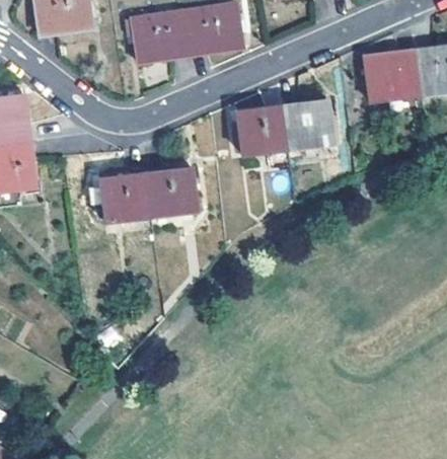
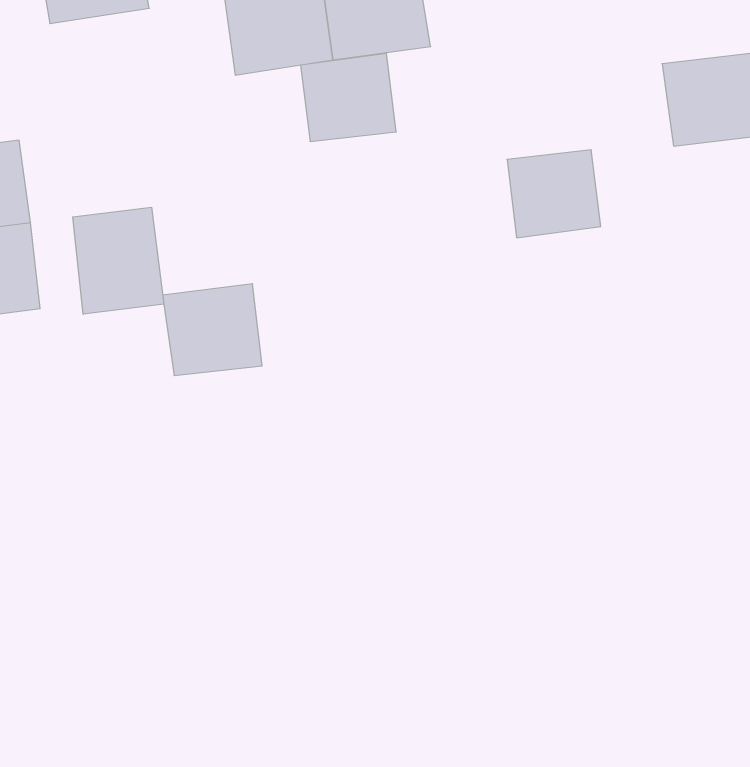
building: [237,106,288,153] -> [301,54,396,142]
building: none -> [73,207,164,314]
building: [148,168,197,216] -> none

